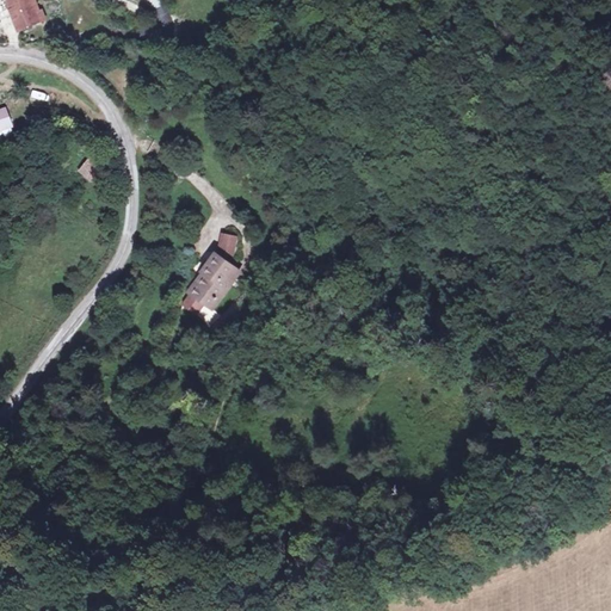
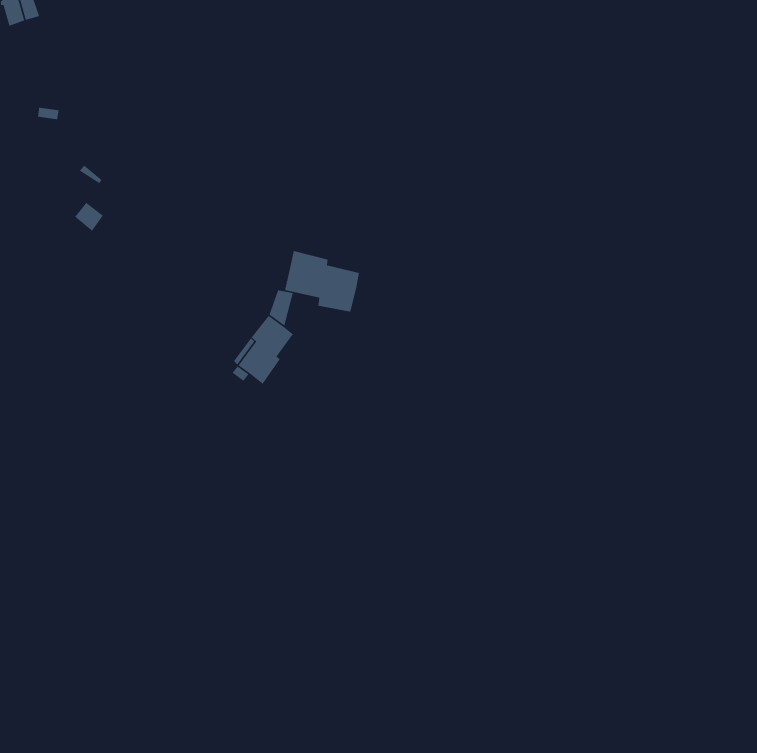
building: none -> [284,250,360,313]

